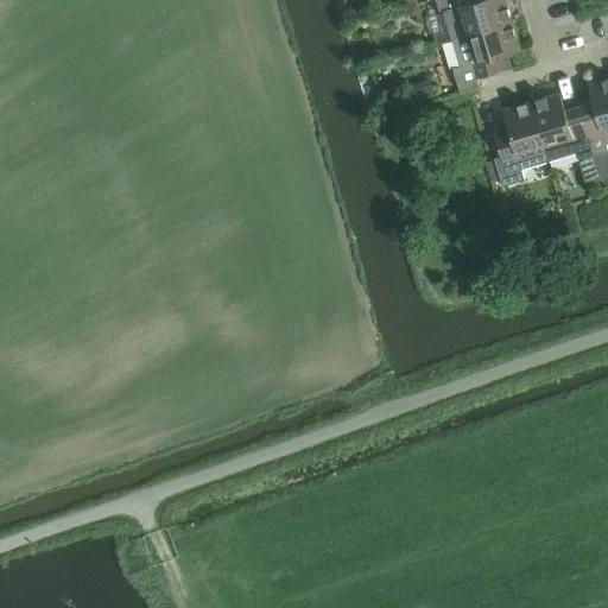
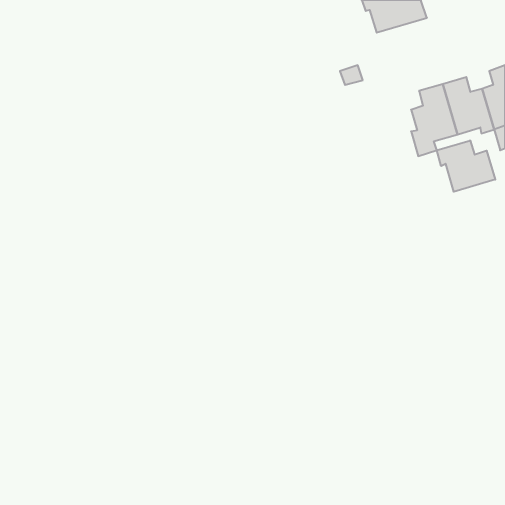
building: [452,21,521,91] -> none
building: none -> [437,140,495,192]

